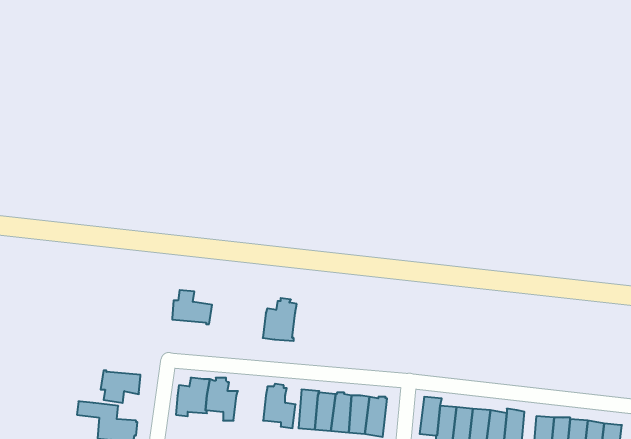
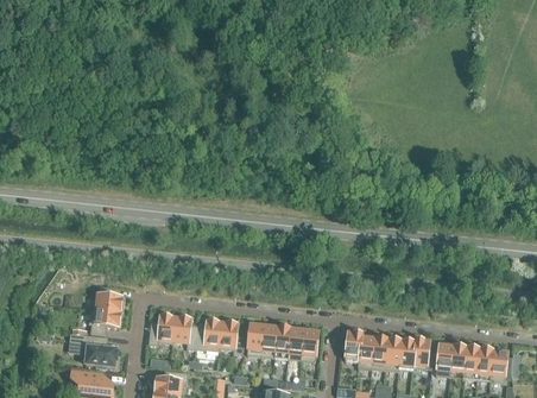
building: [172,290,212,324] -> [93,285,125,312]
building: [263,298,297,341] -> [195,316,222,350]

